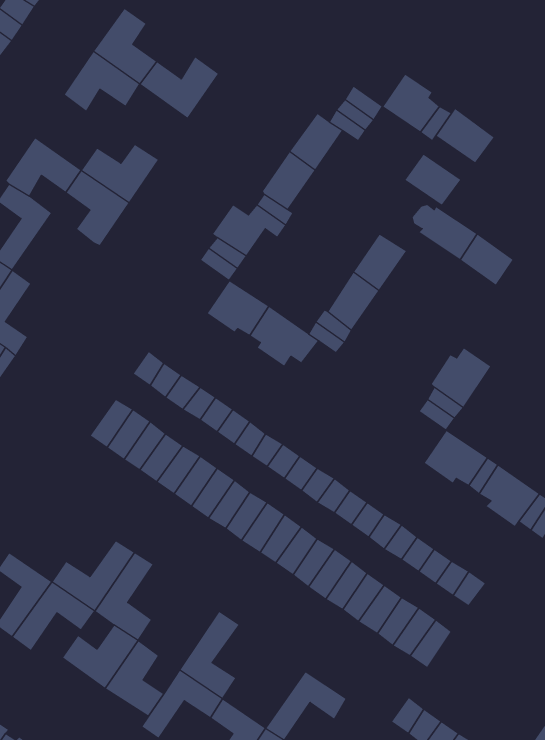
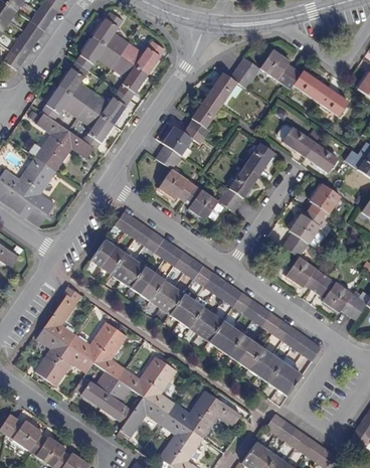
building: none -> [112,54,148,99]
building: none -> [58,60,95,105]
building: [404,154,461,206] -> [316,86,349,116]
building: none -> [45,130,92,171]
building: none -> [309,182,342,219]
building: none -> [43,294,78,345]
building: none -> [119,354,166,397]
building: none -> [168,389,216,431]

